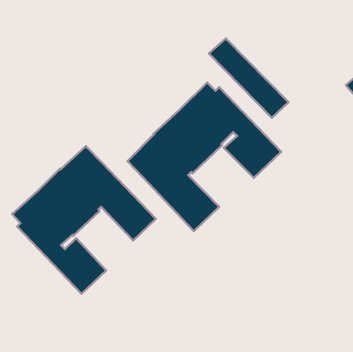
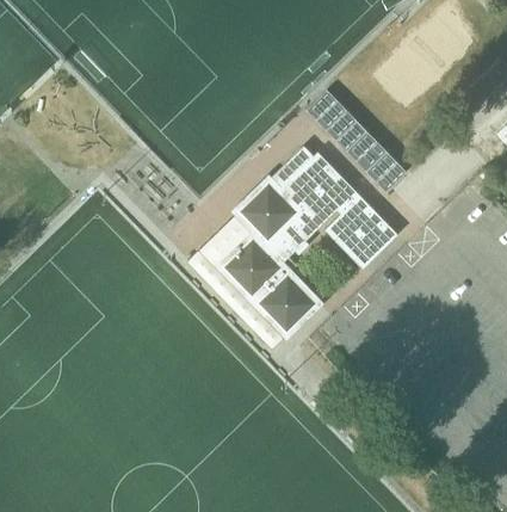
building: [12,146,156,294] -> none

